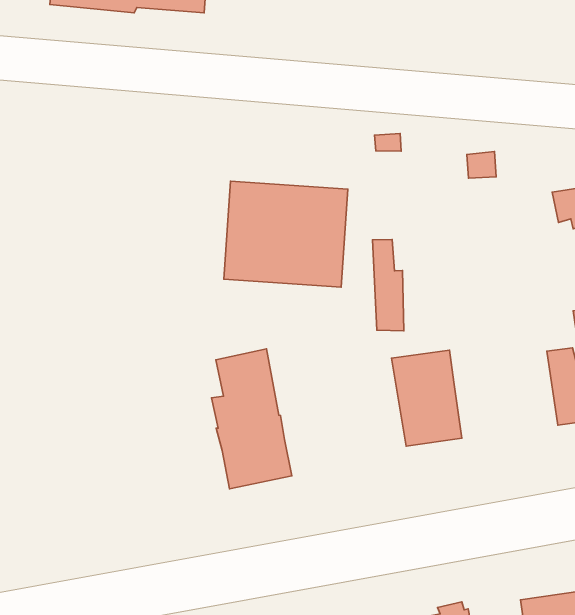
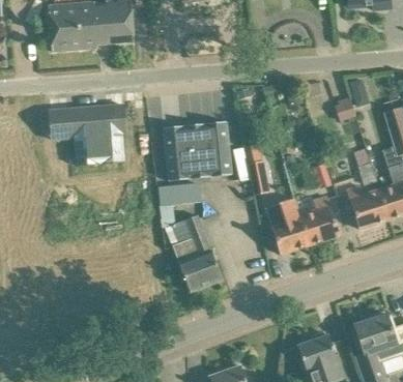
building: none -> [51,105,125,166]
building: none -> [159,184,202,206]
building: none -> [300,197,340,244]

